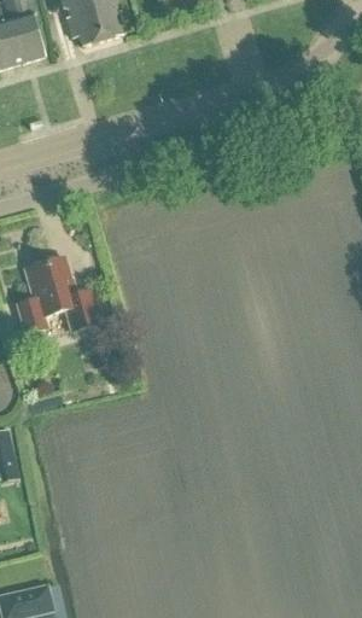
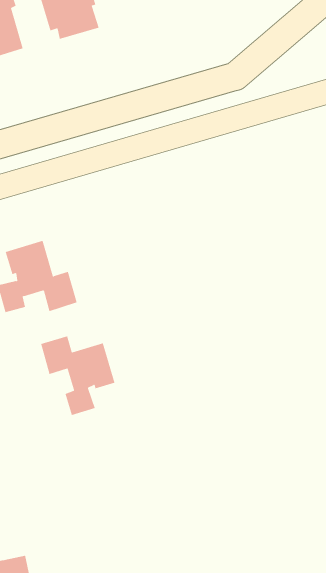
building: none -> [41,336,115,416]

